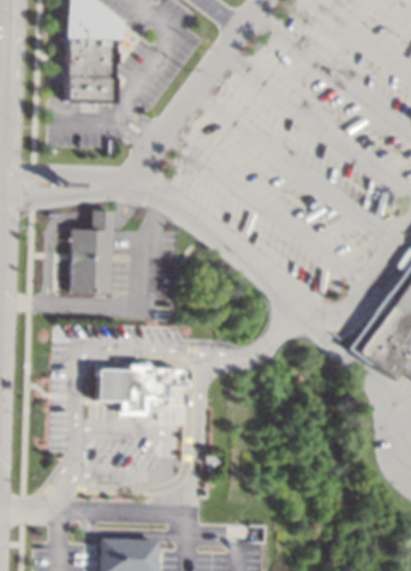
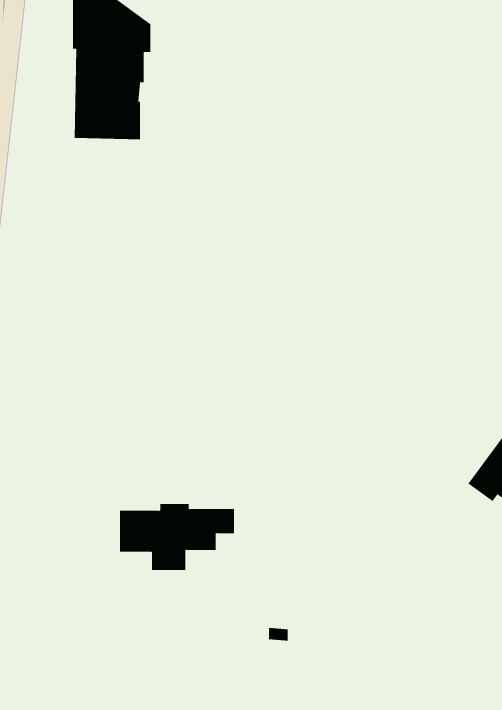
building: [71,209,113,291] -> none

